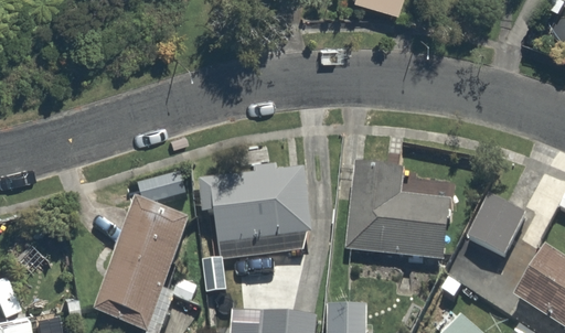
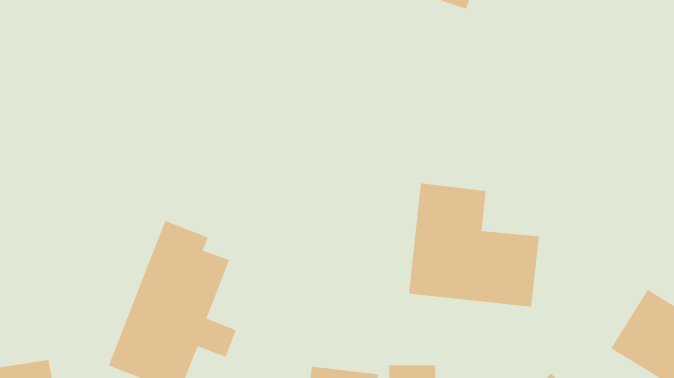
building: [201,169,312,241] -> none
building: [452,190,529,258] -> none

